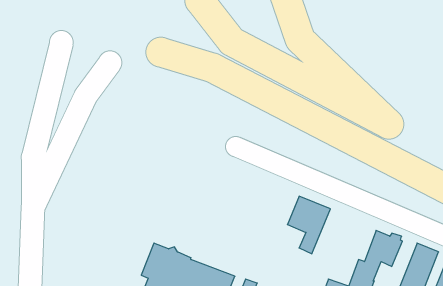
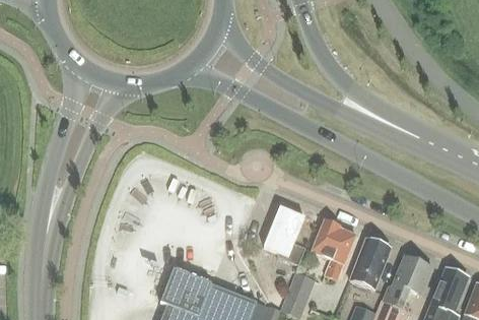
building: none -> [263,207,304,261]
building: none -> [350,239,391,290]
building: none -> [286,272,315,303]

